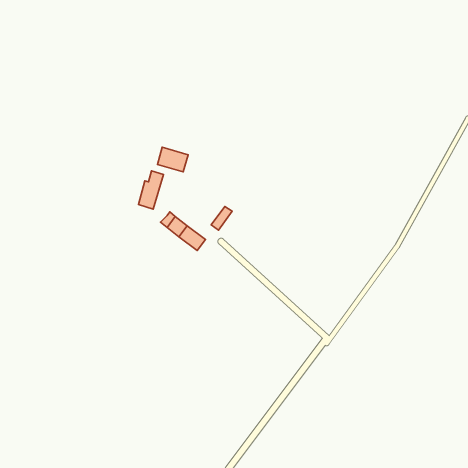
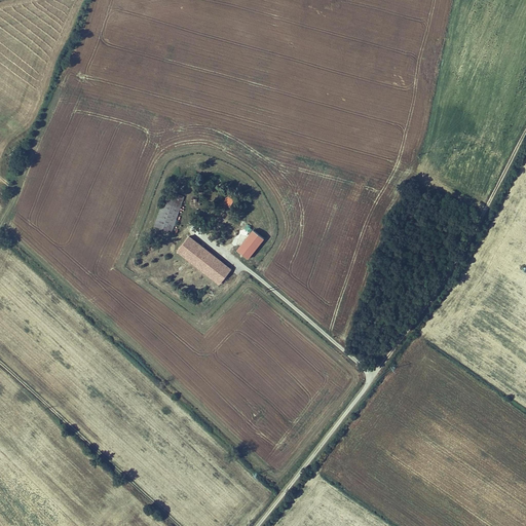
building: [157,147,188,172] -> none

